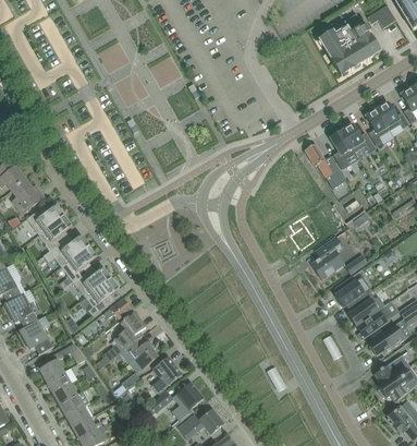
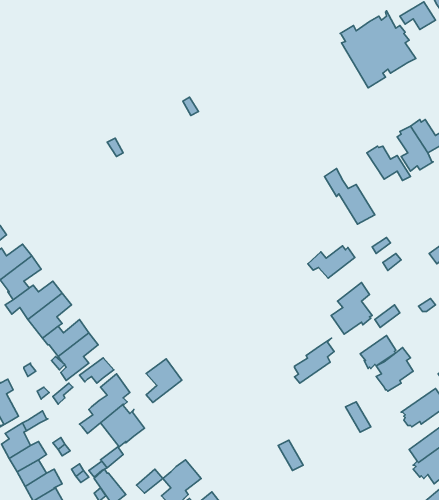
building: [330,129,354,166] -> none
building: none -> [308,246,355,278]
building: [357,302,390,339] -> [294,338,334,383]
building: [152,355,182,391] -> [146,359,182,403]

